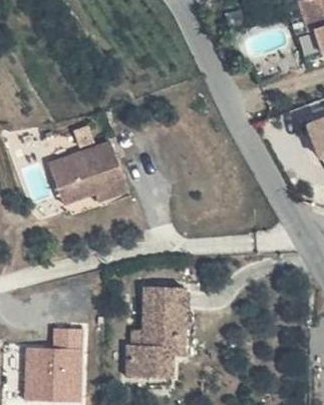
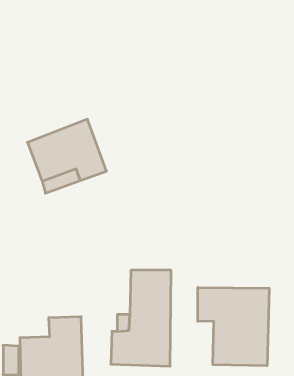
building: none -> [198,287,269,366]

